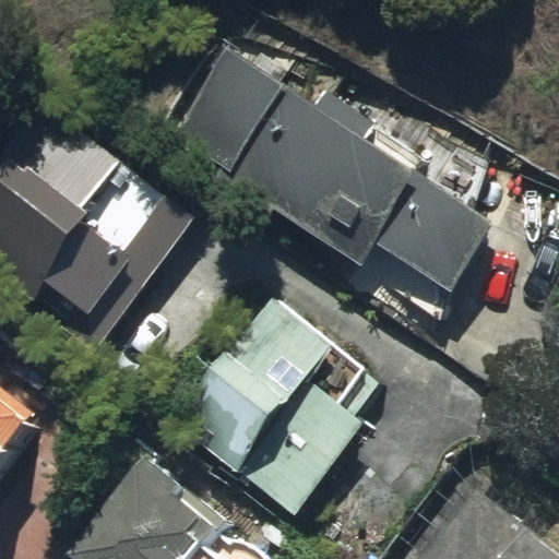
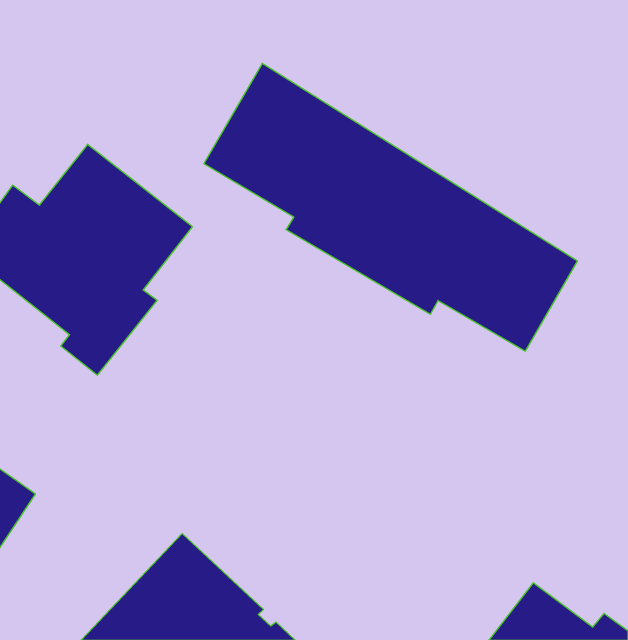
building: [179,283,372,516] -> none

